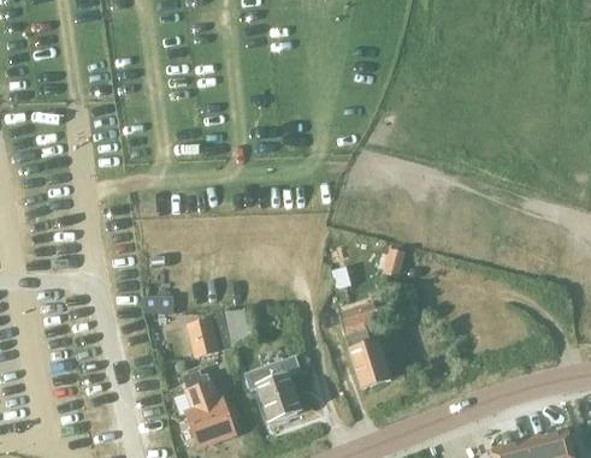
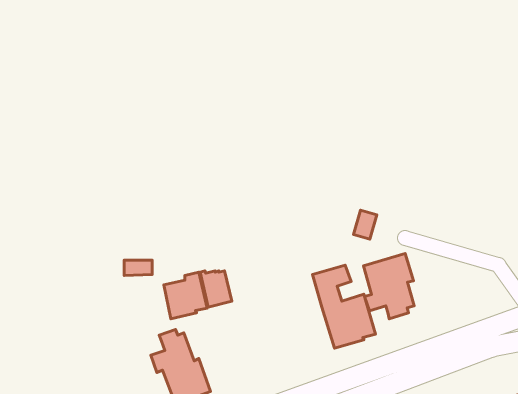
building: none -> [364,254,414,319]
building: [244,356,300,421] -> none

